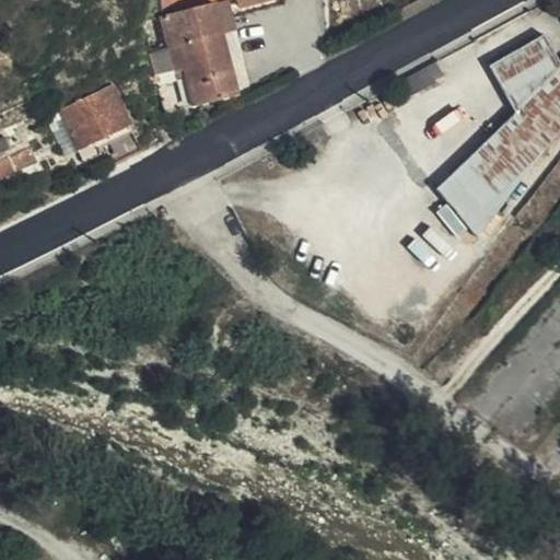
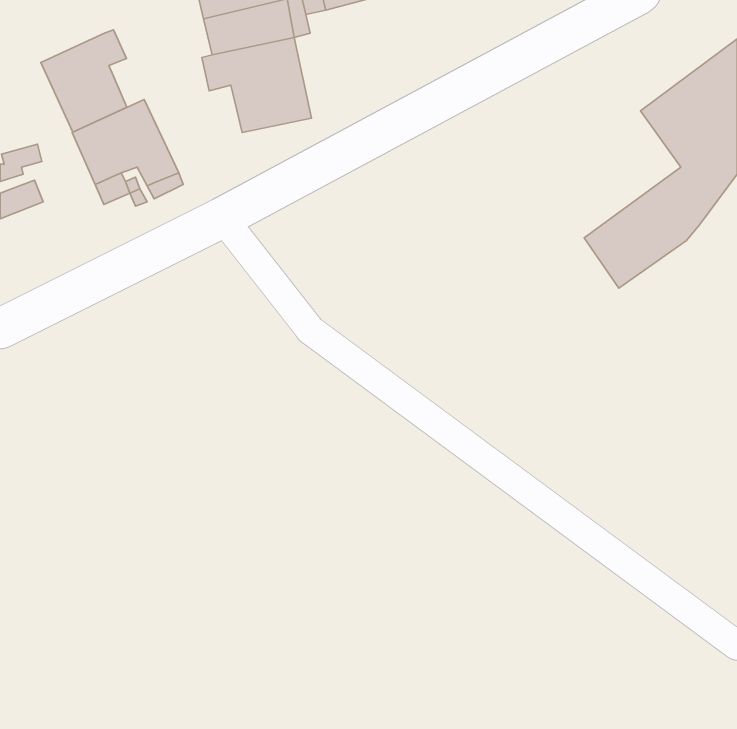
building: none -> [41,30,127,132]

